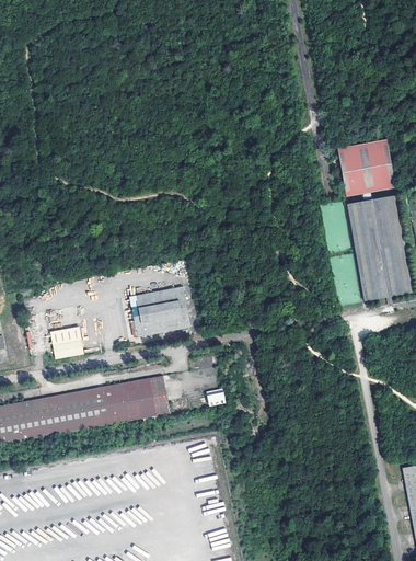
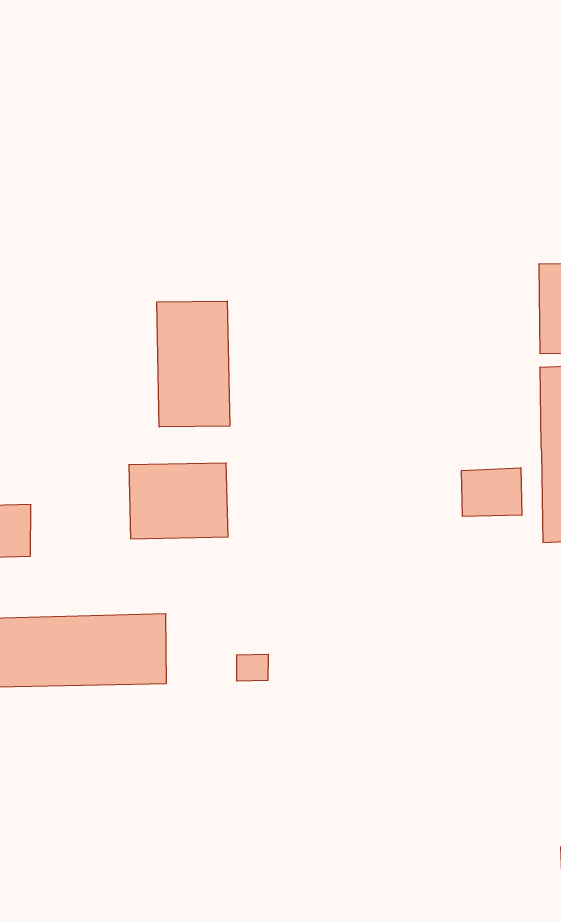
building: none -> [157,301,230,427]
building: none -> [462,468,522,516]

